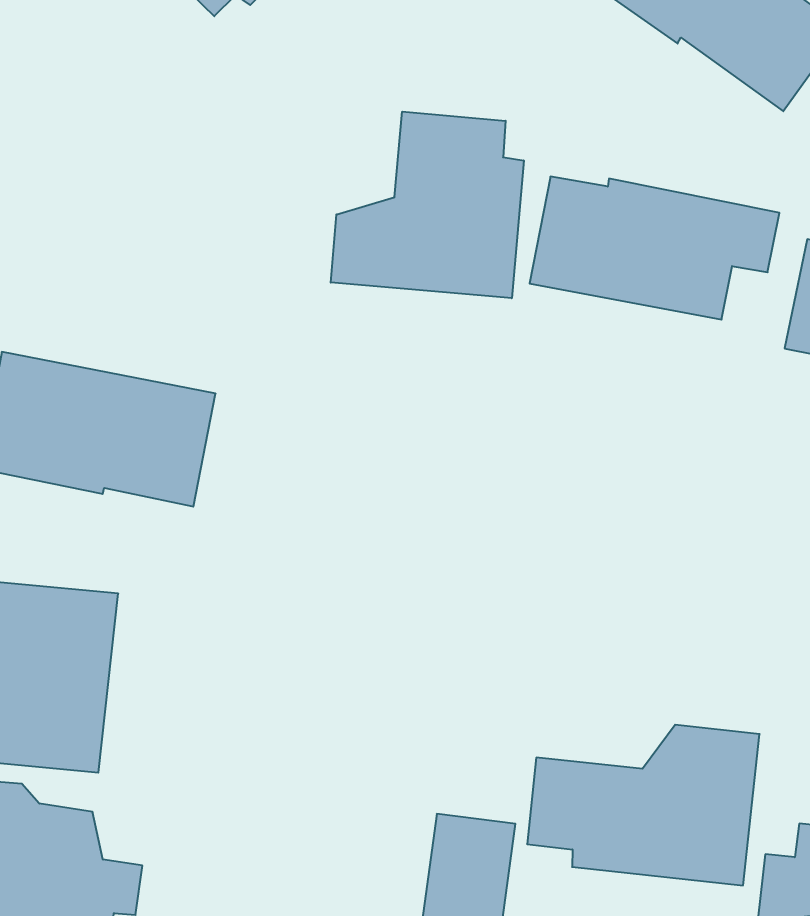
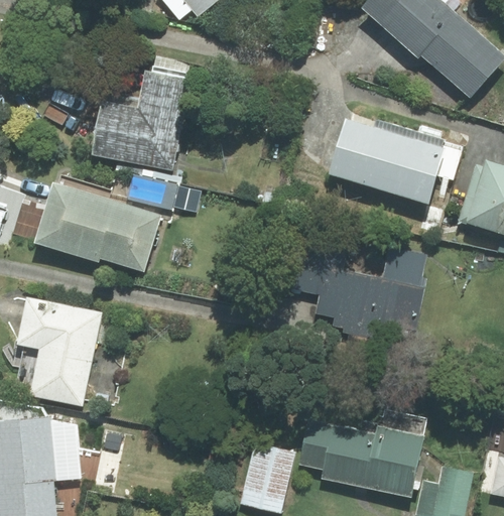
building: none -> [93,57,191,168]
building: [331,112,524,298] -> none
building: none -> [294,248,426,339]

